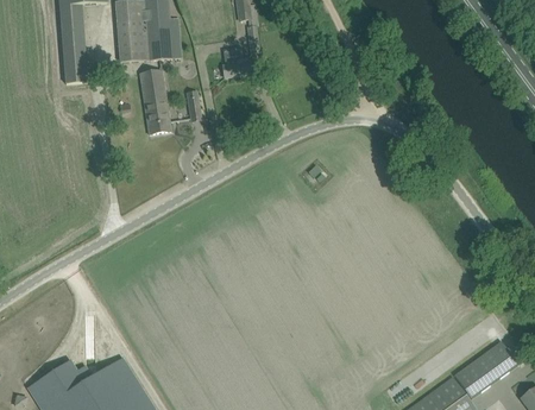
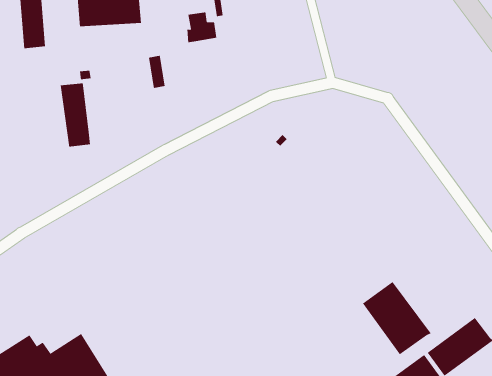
building: [140,71,170,133] -> [60,83,91,147]
building: none -> [362,281,431,355]

